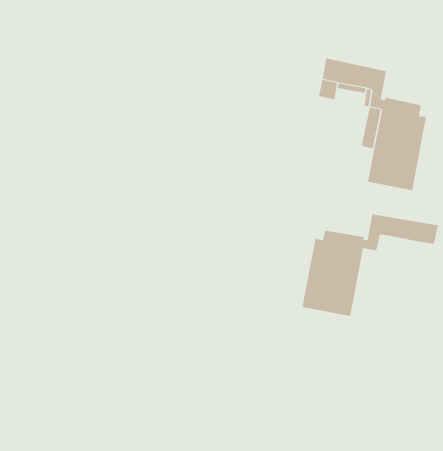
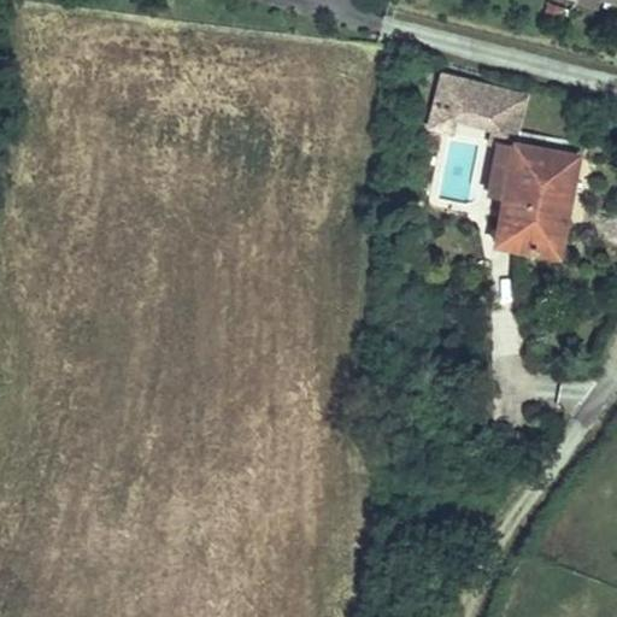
building: [302,213,438,317] -> none

